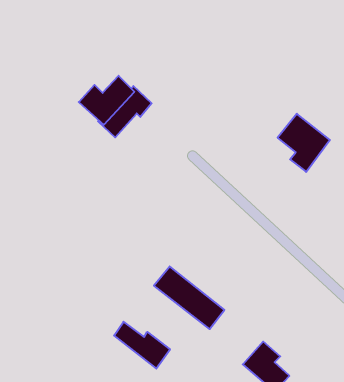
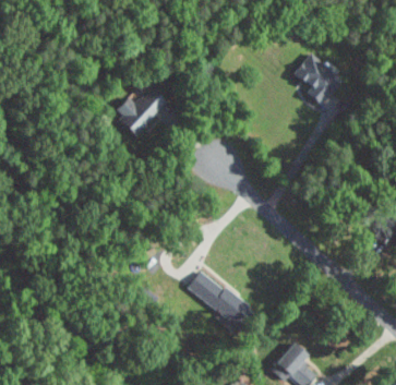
building: [278,114,330,172] -> [291,52,341,108]
building: [114,322,170,369] -> none

